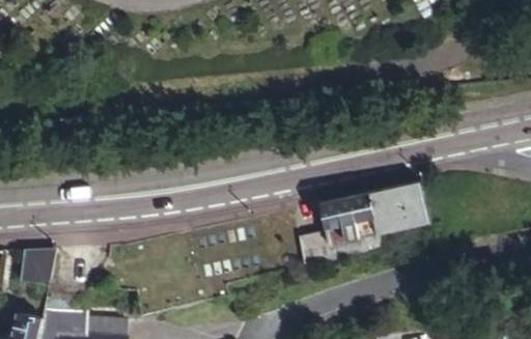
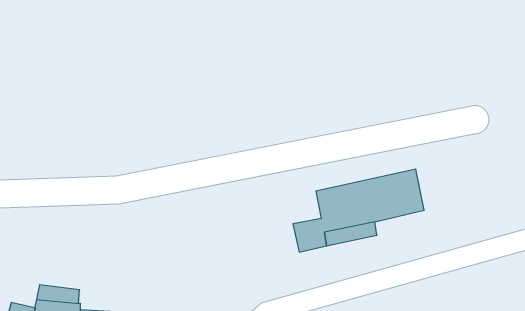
building: [20,248,55,283] -> none

